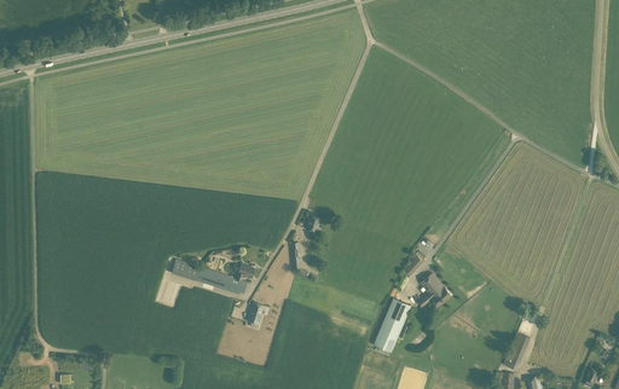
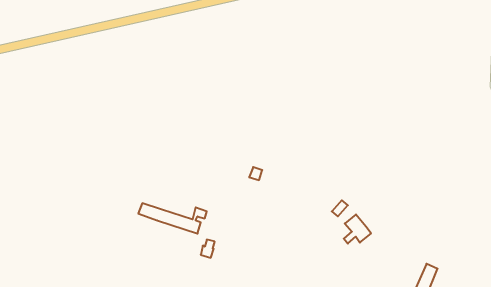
building: [372,297,410,352] -> none

